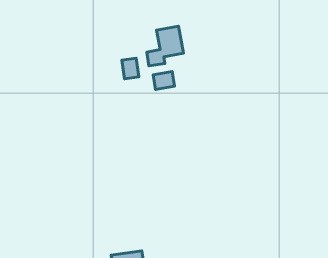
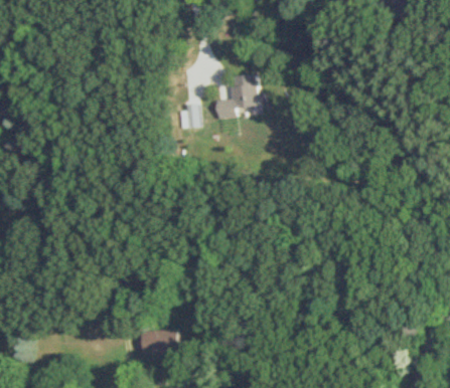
building: [153,72,175,90] -> none

